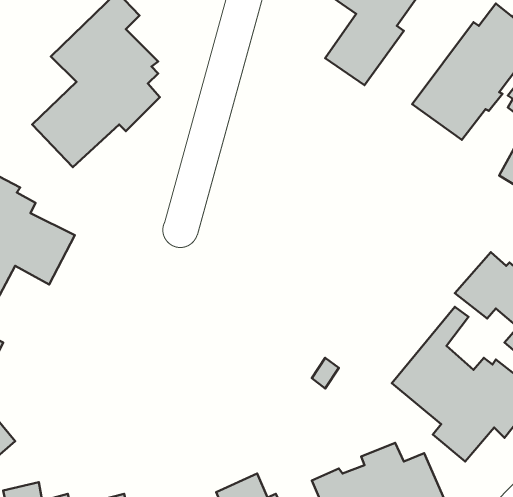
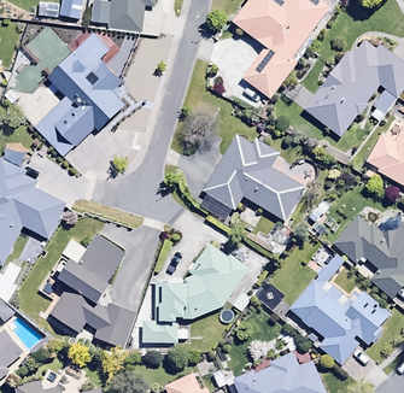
building: none -> [203,133,304,221]
building: none -> [51,231,136,345]
building: none -> [141,246,247,342]

